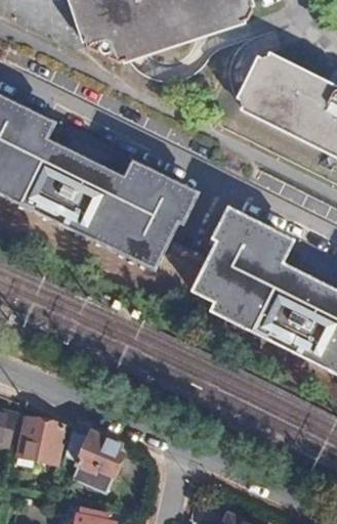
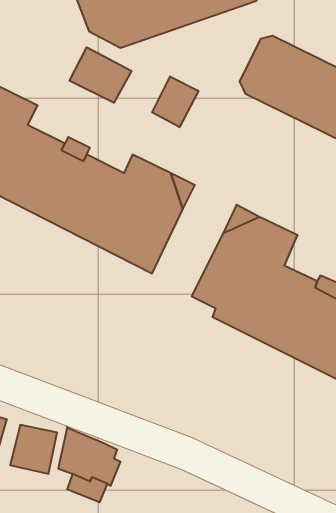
building: none -> [70,47,131,103]
building: none -> [152,76,199,127]

